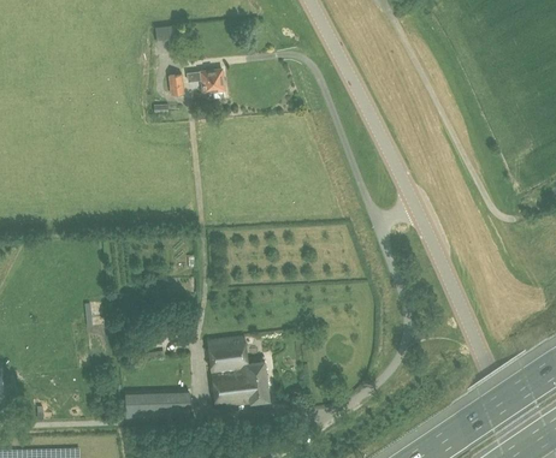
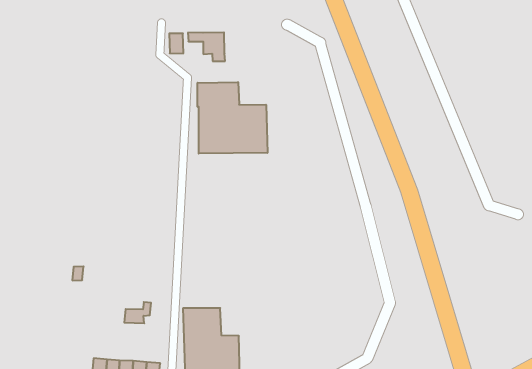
building: none -> [198,82,267,154]

